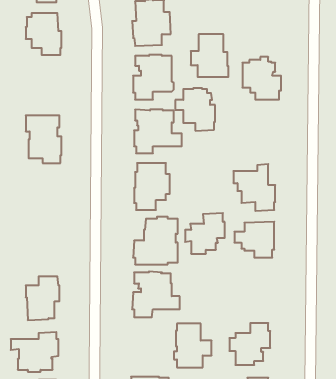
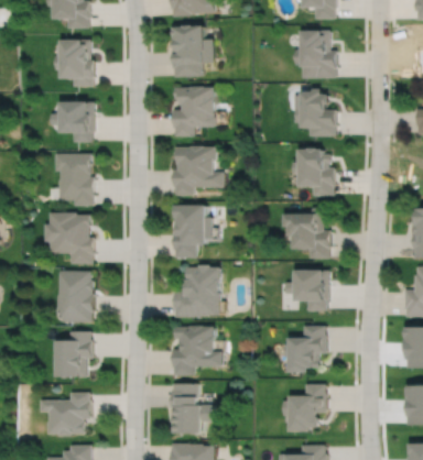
building: [191,34,228,77] -> [294,30,336,77]
building: none -> [50,101,95,142]
building: [175,88,215,131] -> [291,149,335,196]
building: none -> [43,212,94,264]
building: [185,213,225,254] -> [283,326,327,371]
building: none -> [56,271,94,322]
building: [174,324,212,367] -> [170,384,212,432]

